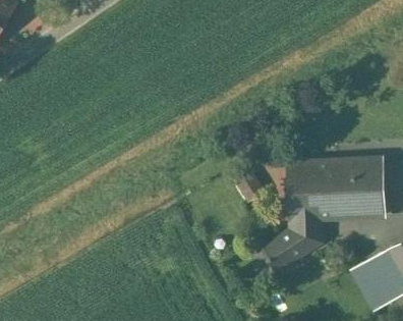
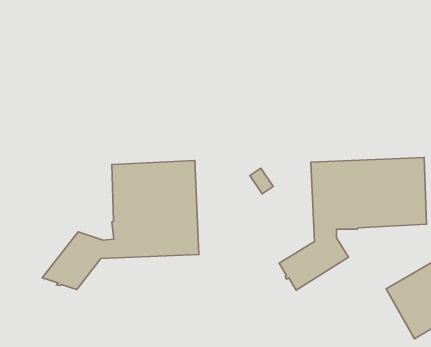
building: none -> [42,161,199,289]

